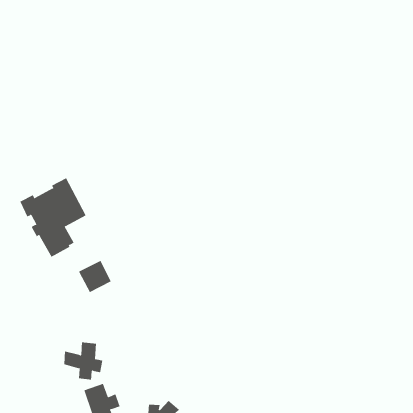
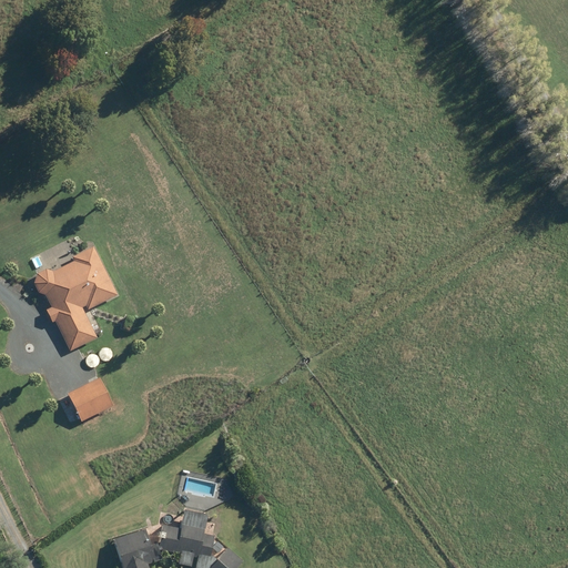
building: [78,260,112,293] -> [65,378,111,423]
building: [63,342,103,380] -> [161,510,215,562]

